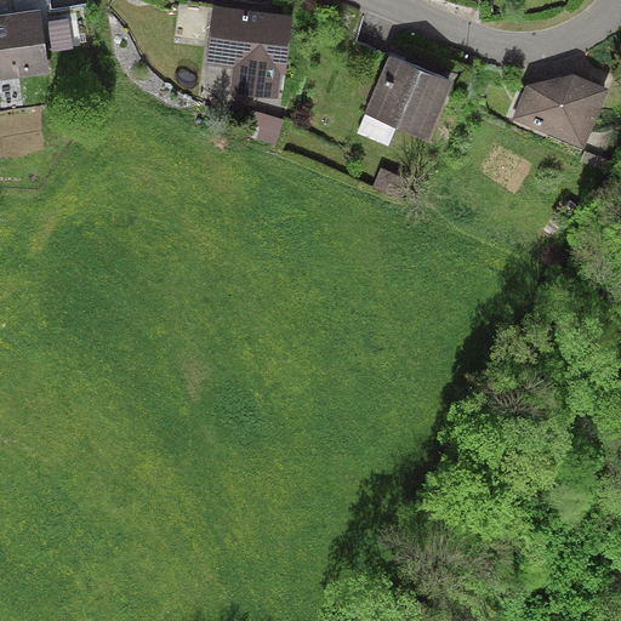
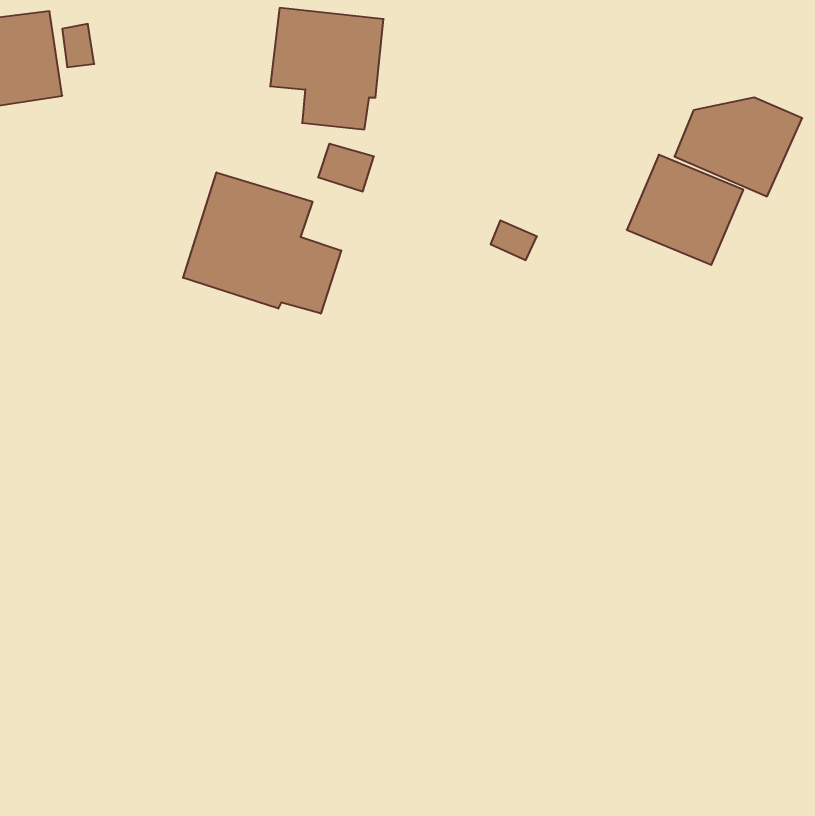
building: [364,56,452,139] -> [627,155,743,265]
building: none -> [183,172,341,314]

